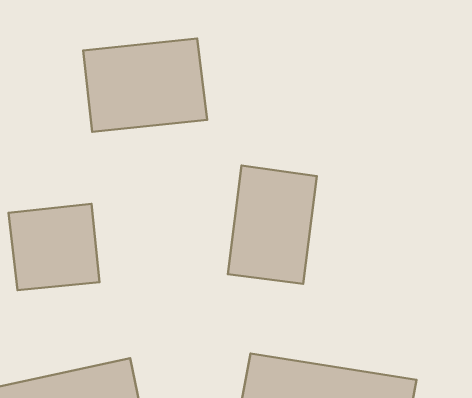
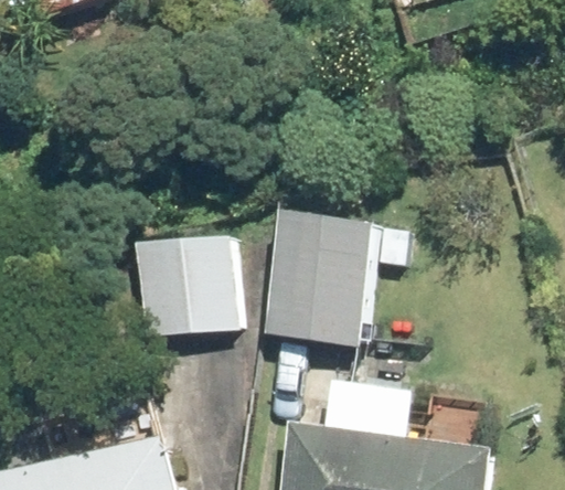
building: [83,39,207,132] -> none
building: [9,204,99,290] -> [130,237,233,334]

